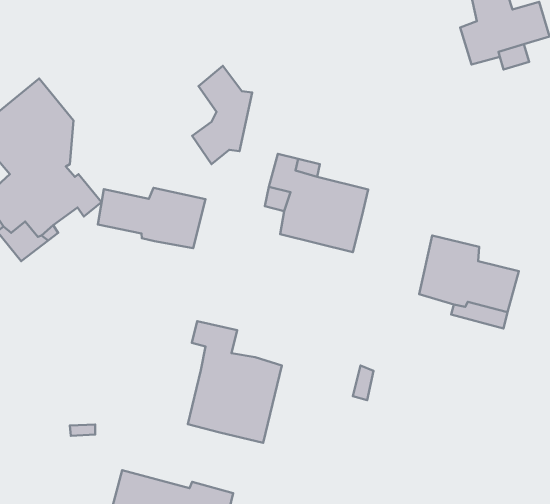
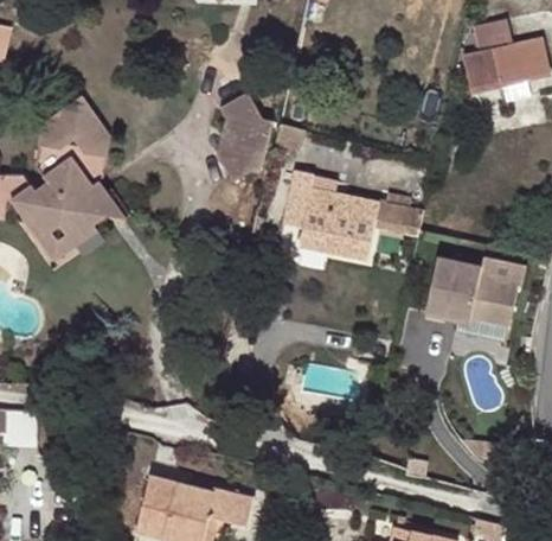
building: none -> [373,203,423,242]
building: [98,188,205,248] -> none
building: [188,321,282,443] -> none

